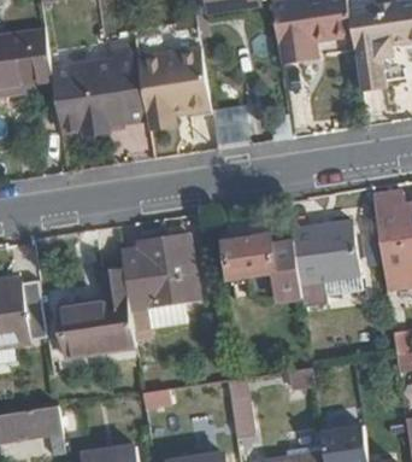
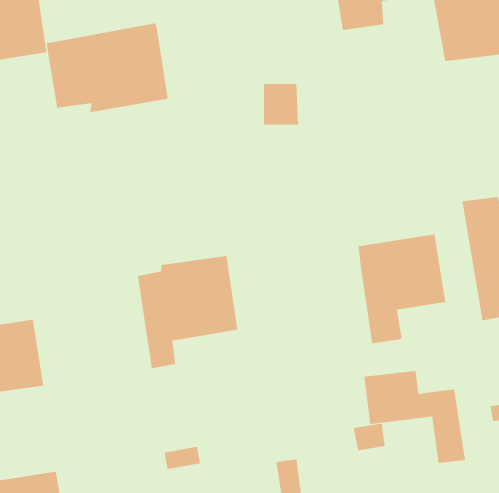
building: [136,46,208,124] -> none
building: [223,234,302,306] -> [363,370,466,463]
building: [60,269,135,357] -> none

